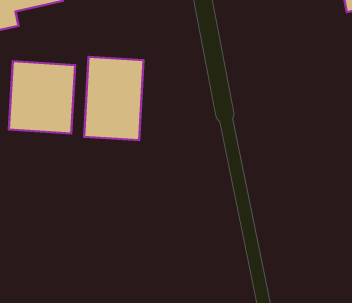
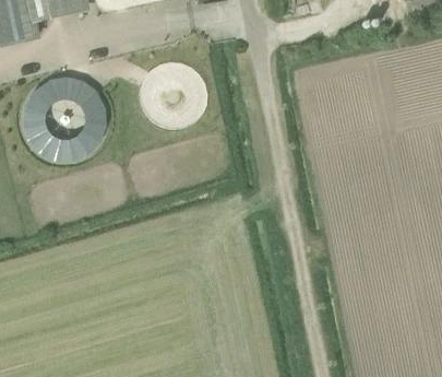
building: [84,57,144,140] -> none

